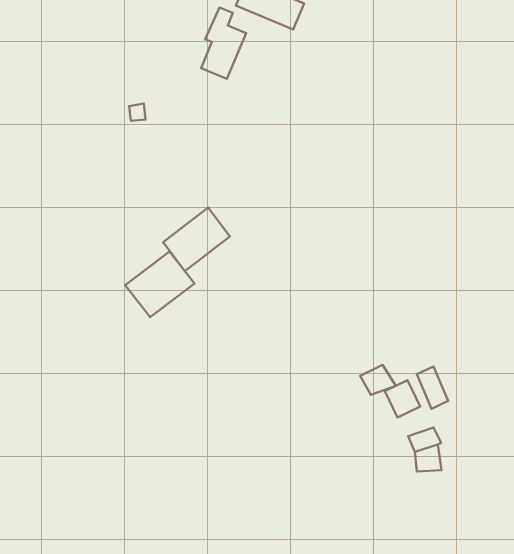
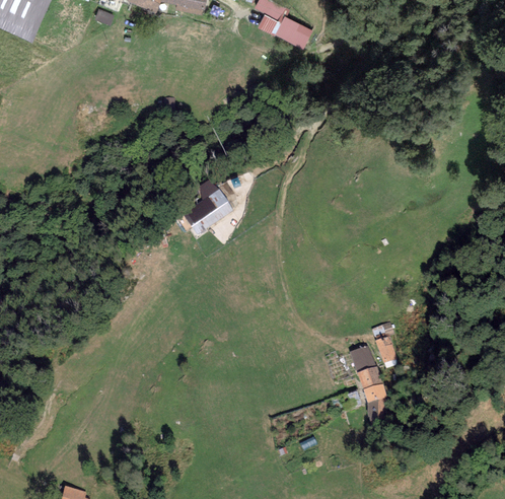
building: [201,8,246,79] -> none
building: [125,251,194,317] -> none
building: [360,365,396,395] -> [355,367,383,390]

